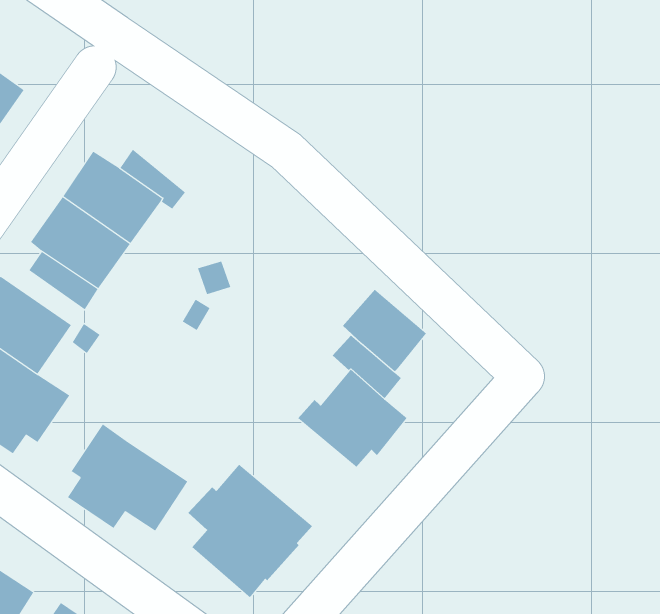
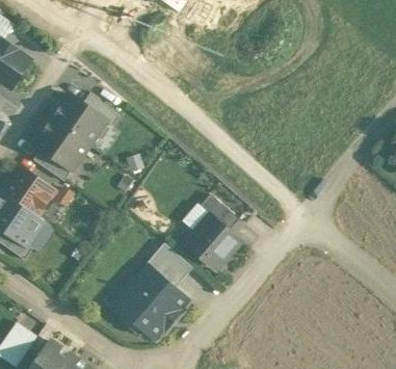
building: [342,289,427,372] -> none
building: [67,424,188,532] -> none
building: none -> [147,243,192,288]

